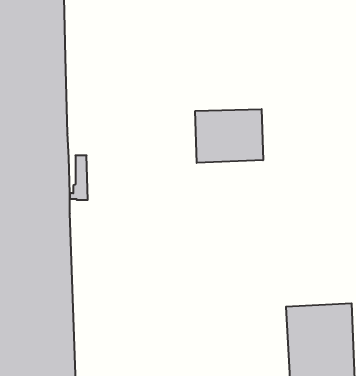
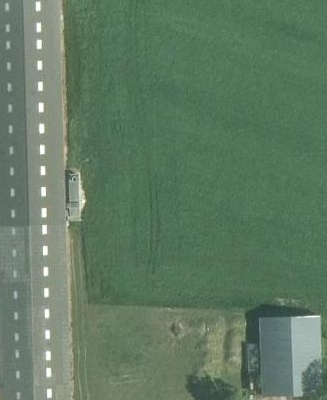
building: [195,109,263,163] -> none

